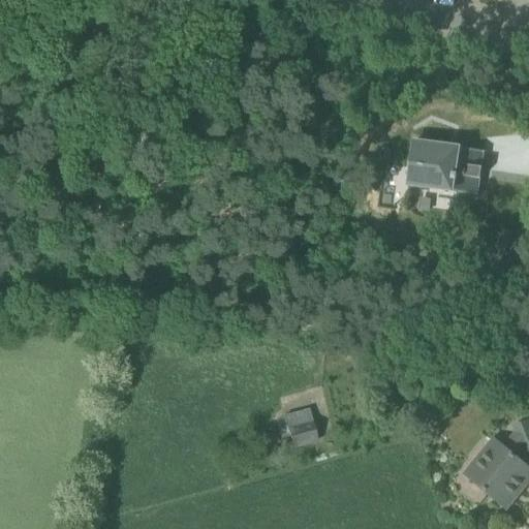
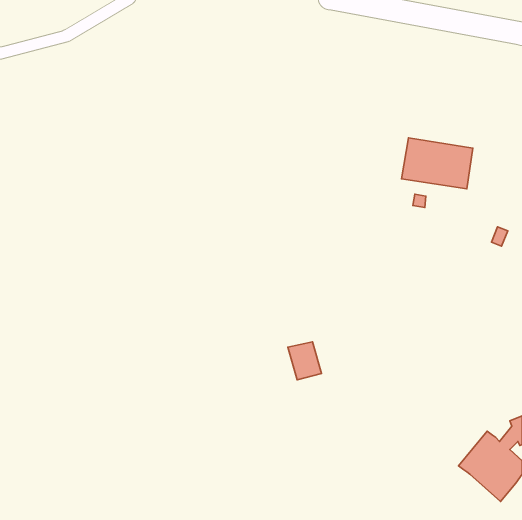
building: [284,408,318,446] -> [288,342,322,380]

